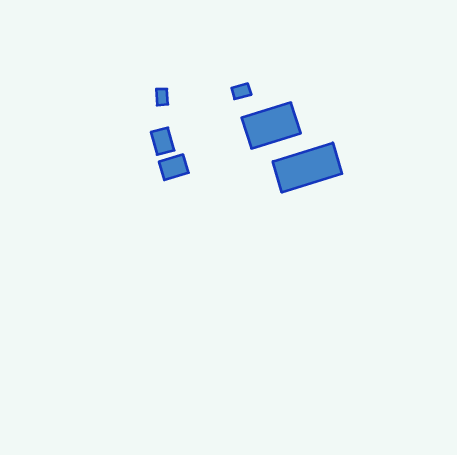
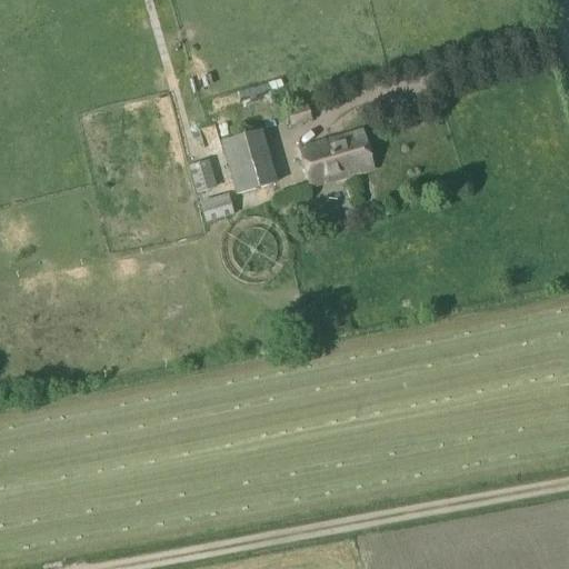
building: none -> [220,128,277,193]
building: [273,143,342,192] -> none

